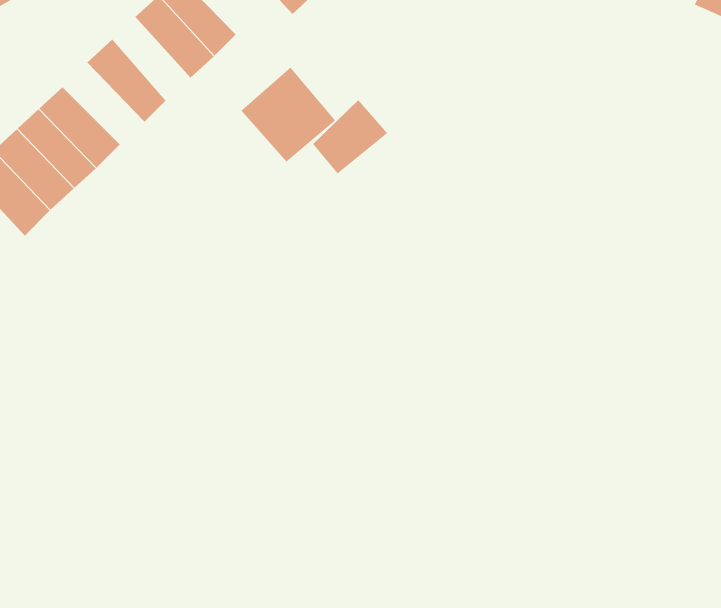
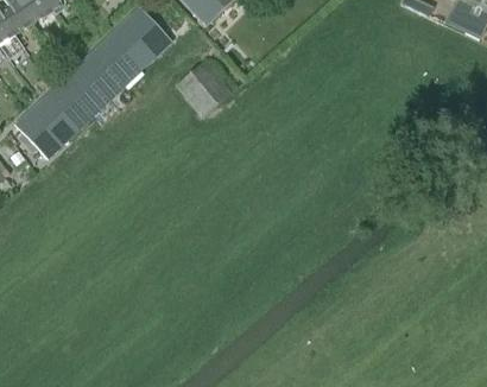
building: none -> [99,28,145,78]
building: none -> [69,56,118,104]
building: [312,99,388,175] -> none

